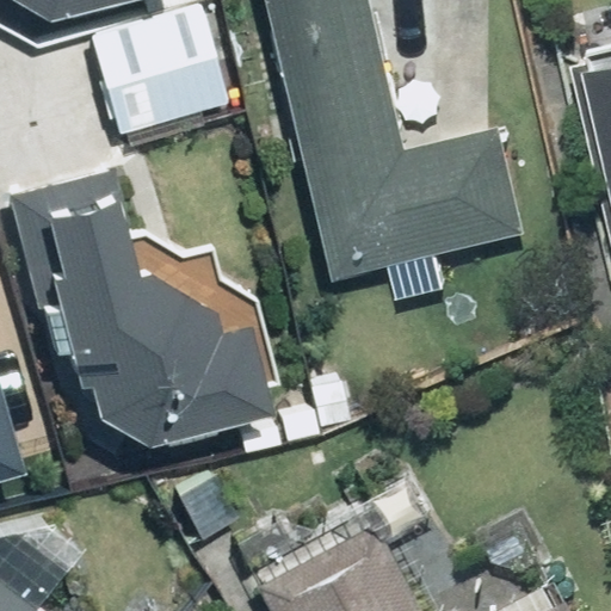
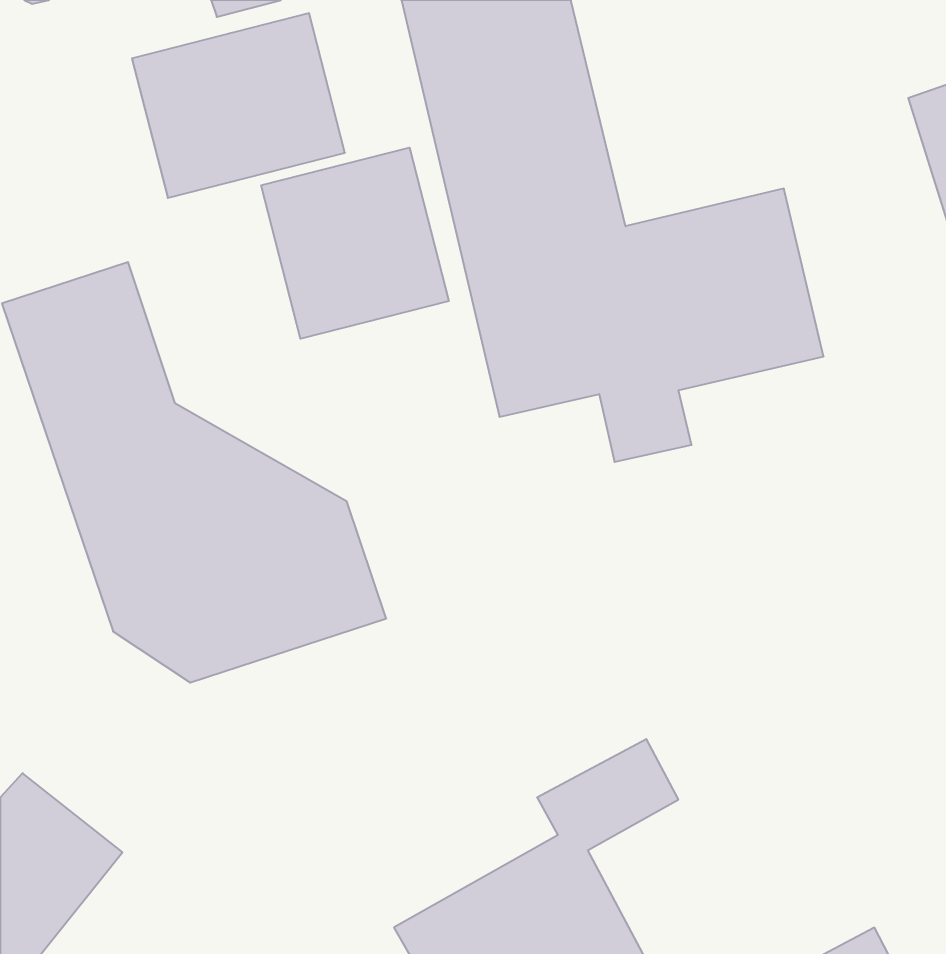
building: none -> [261,148,449,339]

